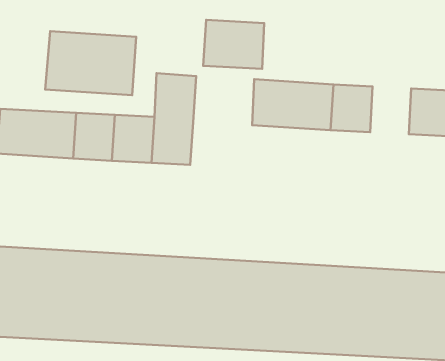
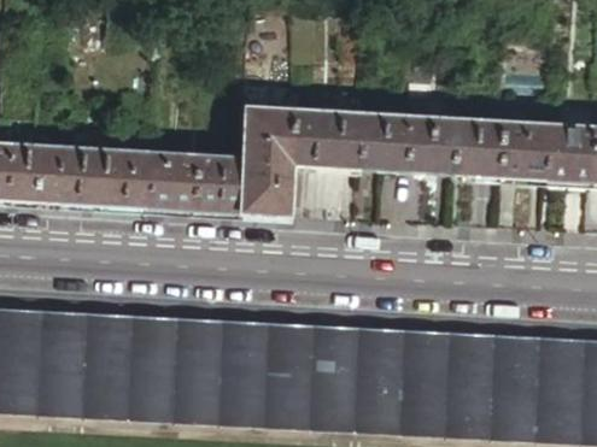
building: [203,20,264,69] -> [287,108,359,166]
building: [45,31,136,95] -> none
building: none -> [497,120,545,177]

